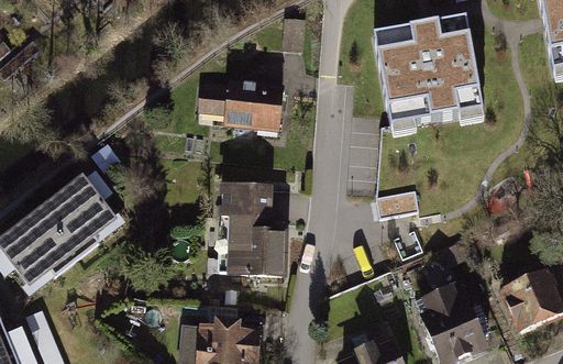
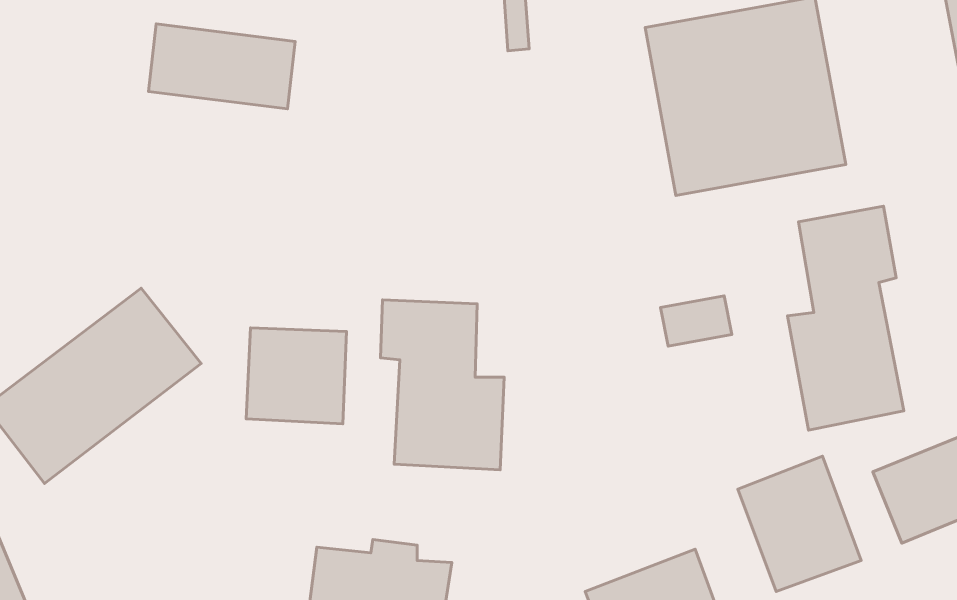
building: [196,76,279,124] -> [149,24,295,109]
building: none -> [788,206,904,430]
building: none -> [246,328,347,424]

